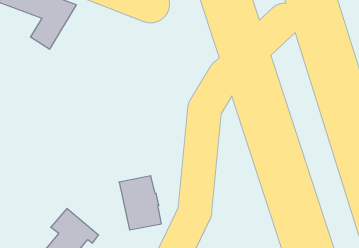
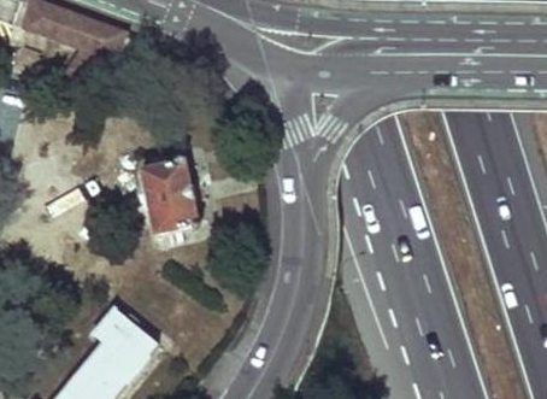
building: [119,176,161,230] -> [140,162,198,235]

